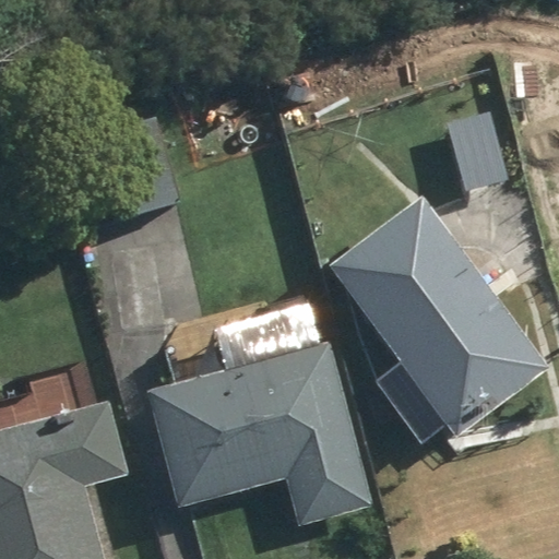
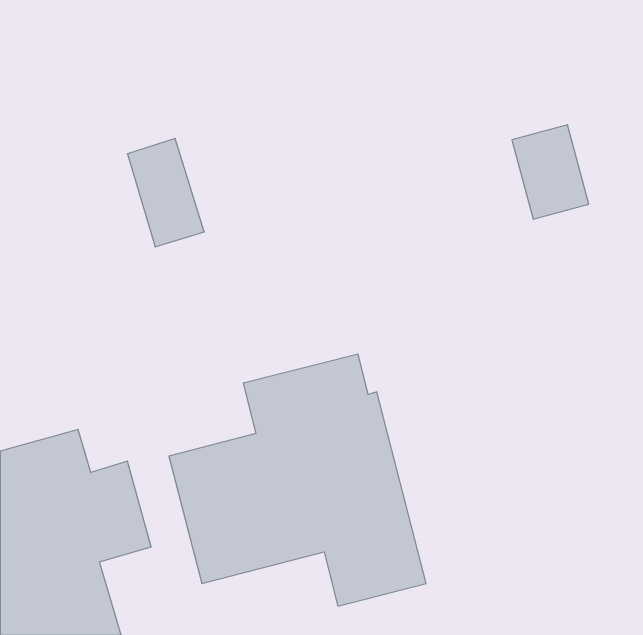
building: [329,199,545,435] -> none

